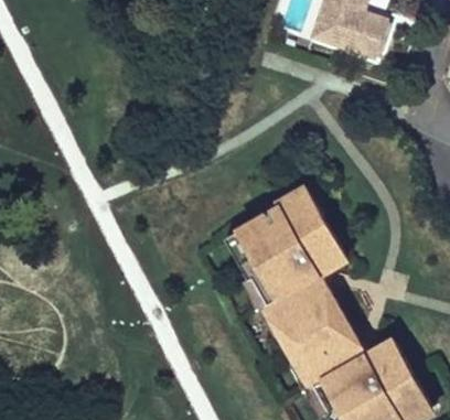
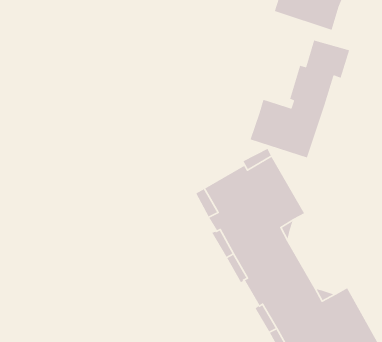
building: none -> [250,39,350,158]

